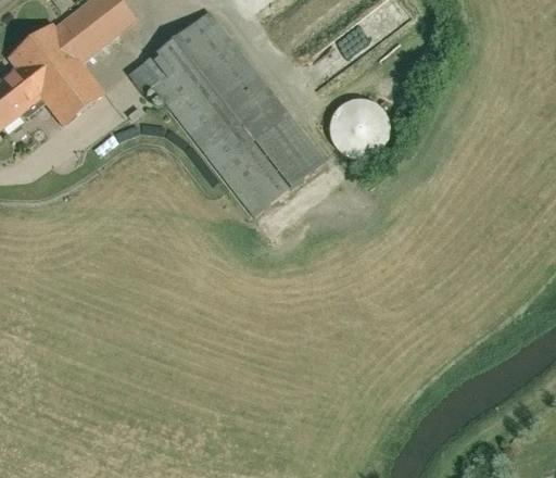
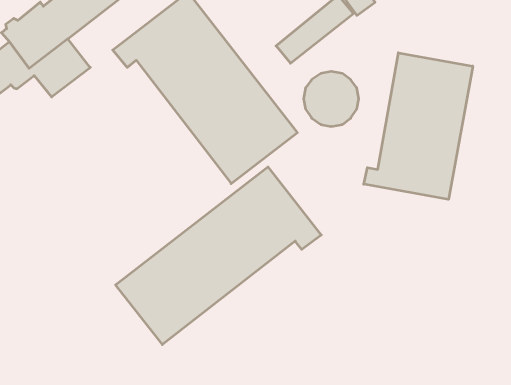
building: none -> [364,53,473,199]
building: none -> [116,167,321,345]

